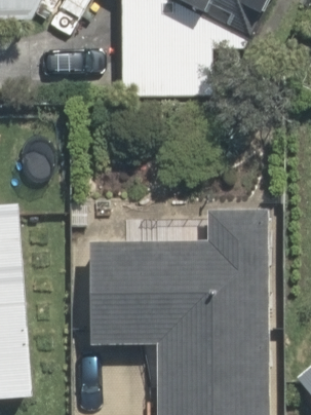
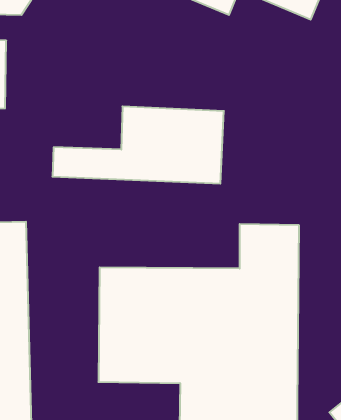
building: [60,27,210,95] -> [52,106,224,184]

